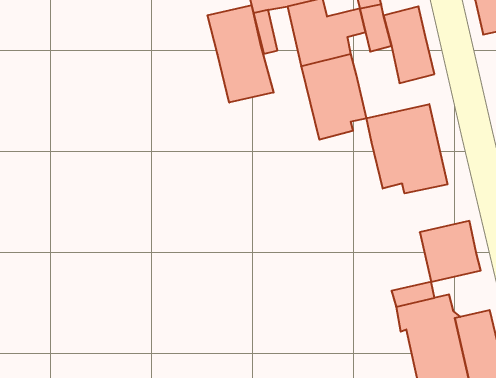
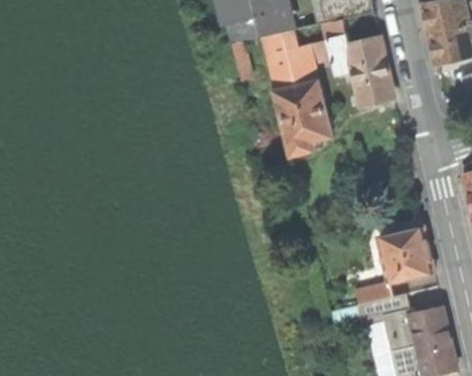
building: [207,5,274,103] -> none
building: [367,104,447,193] -> none

